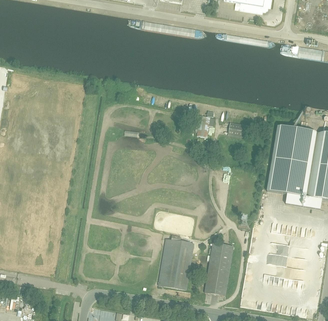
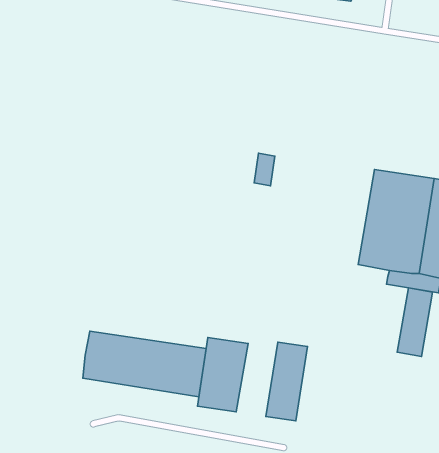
building: none -> [397,288,433,357]
building: none -> [83,331,206,397]

